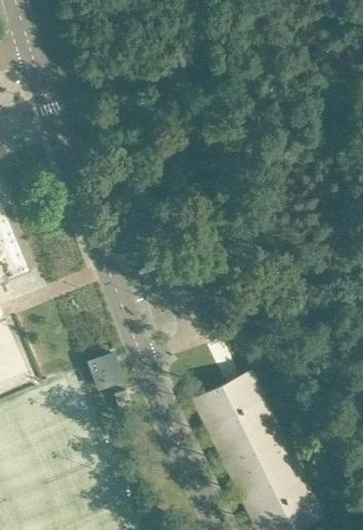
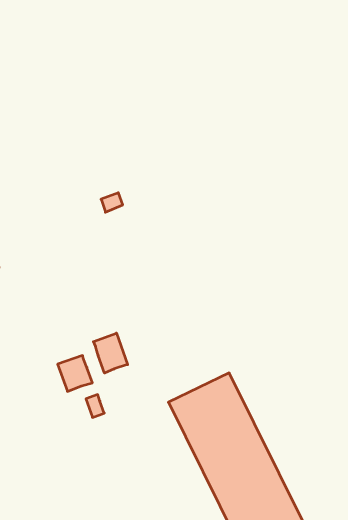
building: none -> [93,333,128,373]

